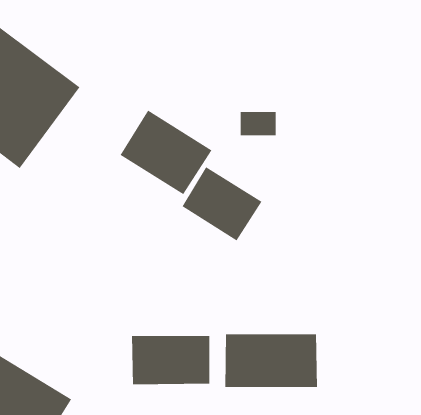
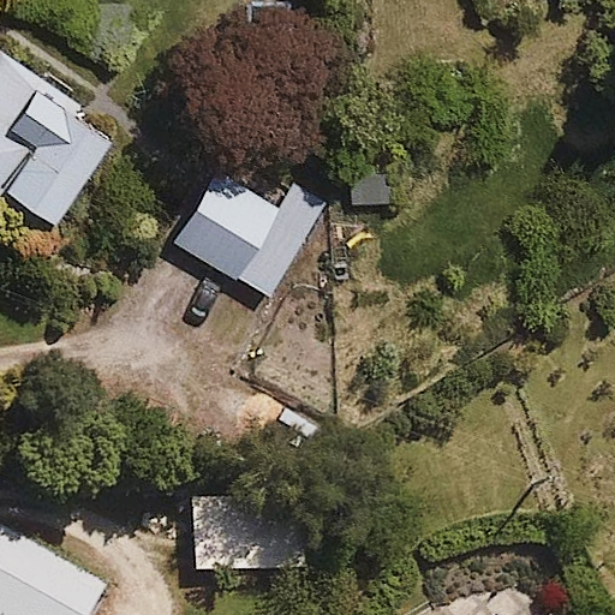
building: [181,166,262,242] -> none
building: [225,333,318,388] -> none

